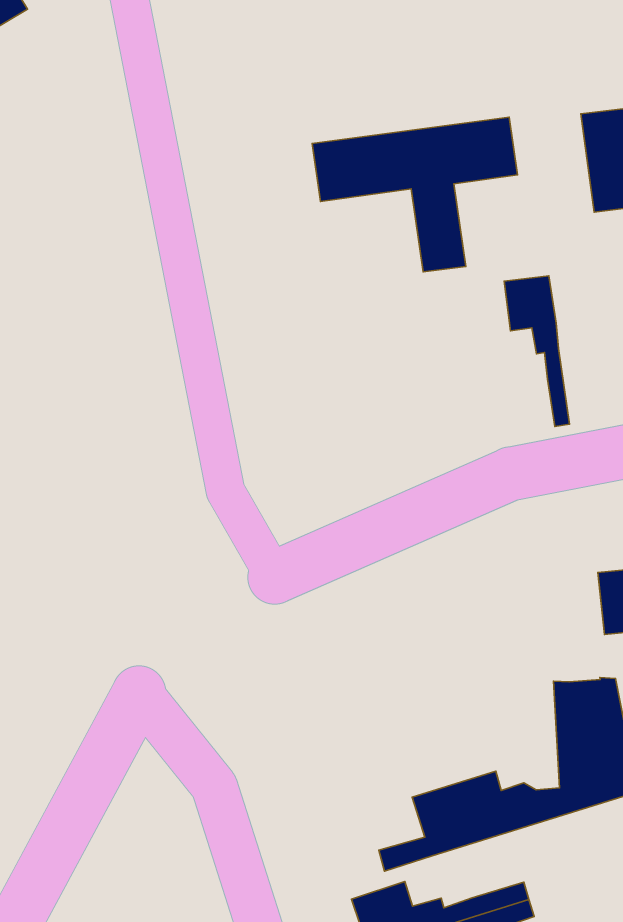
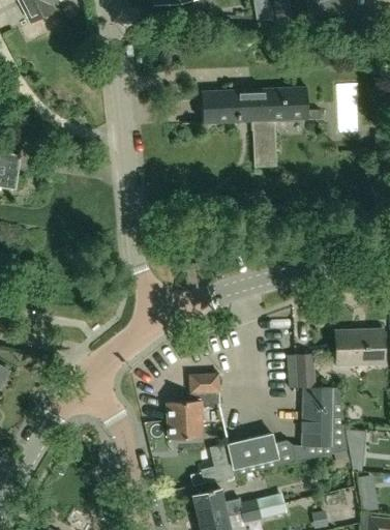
building: [504,276,570,427] -> none
building: none -> [295,353,317,388]
building: none -> [166,375,218,439]

